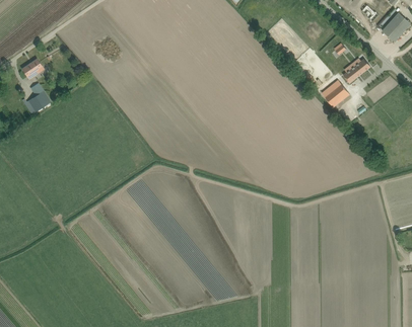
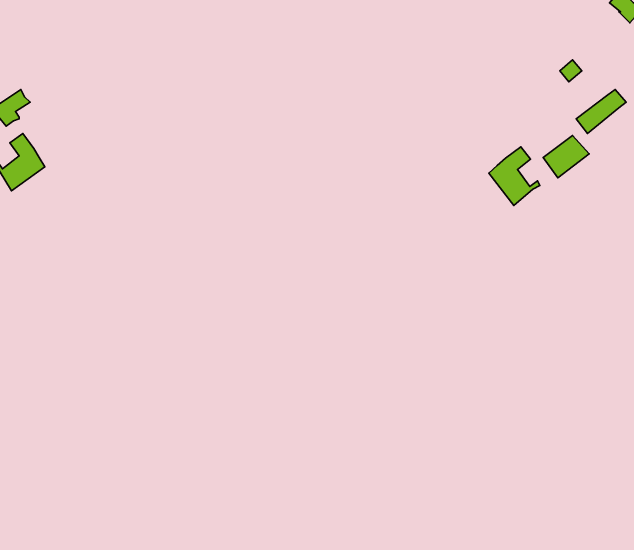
building: none -> [489,147,540,206]

